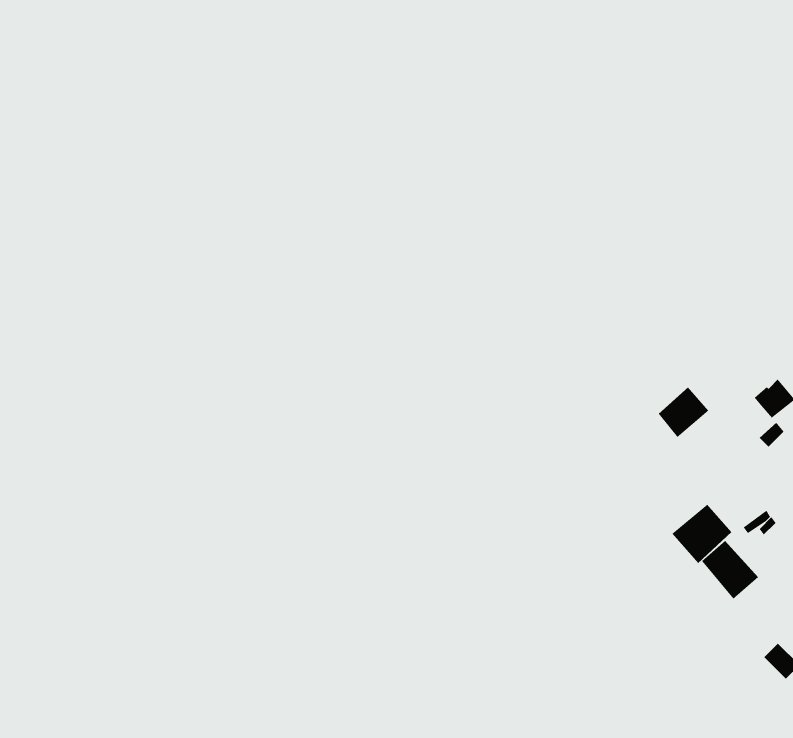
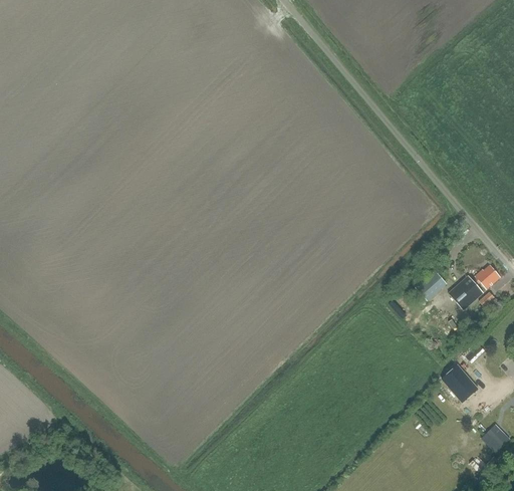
building: none -> [449,275,483,310]
building: [672,504,732,564] -> none

